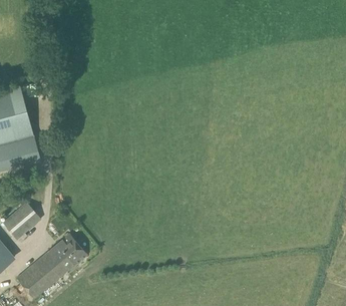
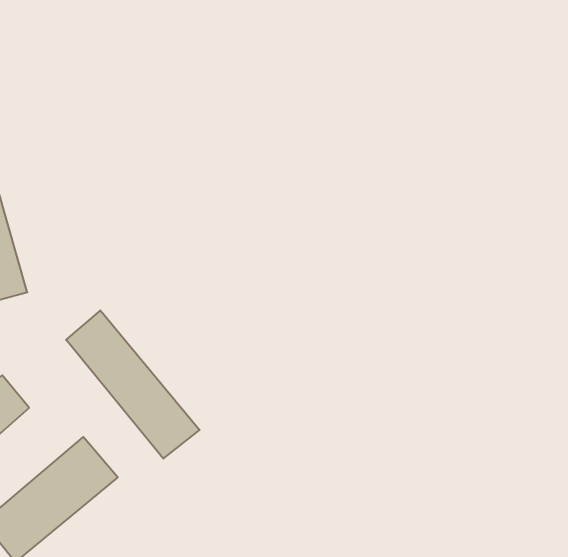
building: none -> [66,310,200,459]

